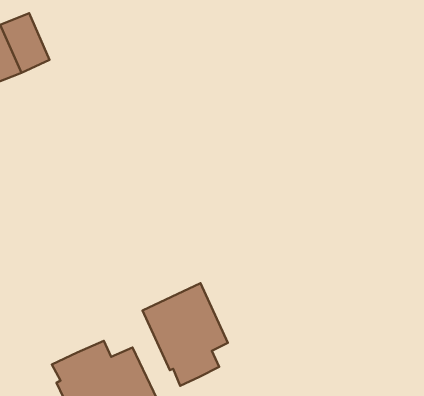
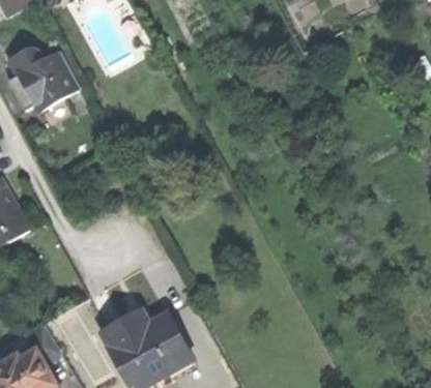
building: [143,283,228,386] -> none

